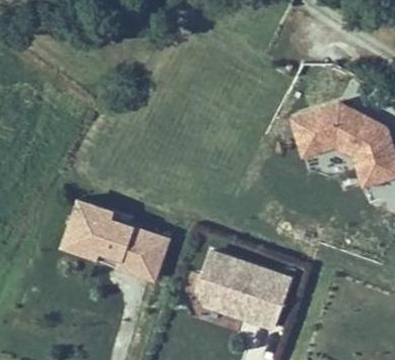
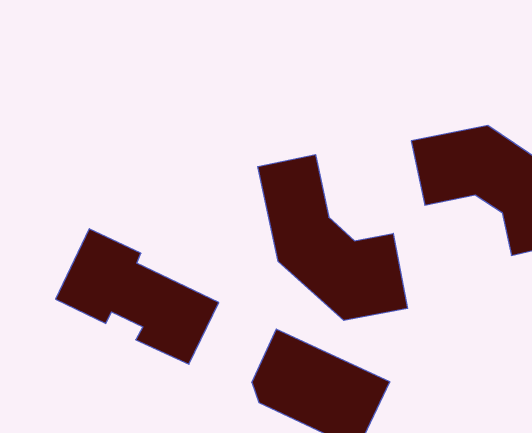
building: none -> [258,155,408,320]

